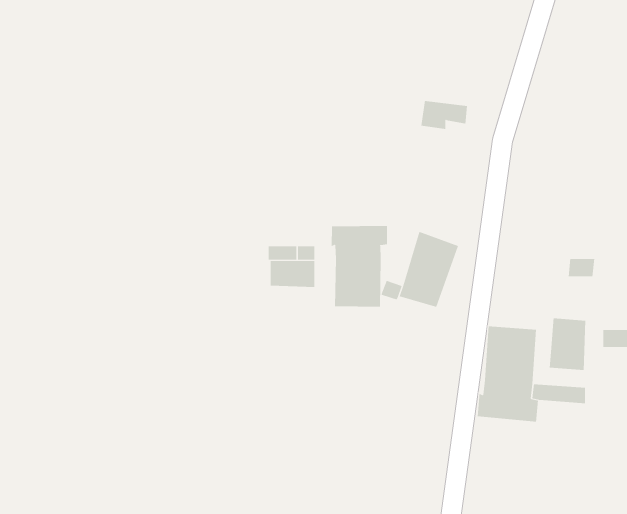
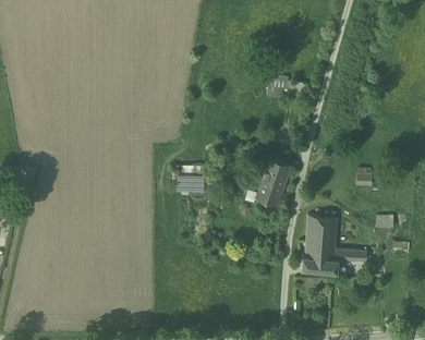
building: [331,225,388,307] -> none
building: [549,318,586,371] -> none

